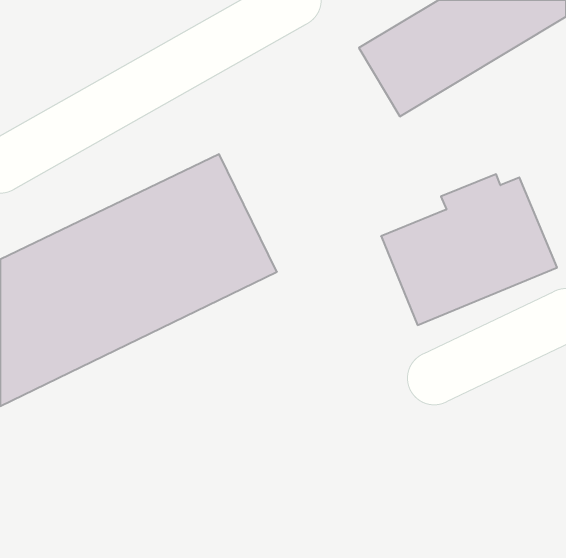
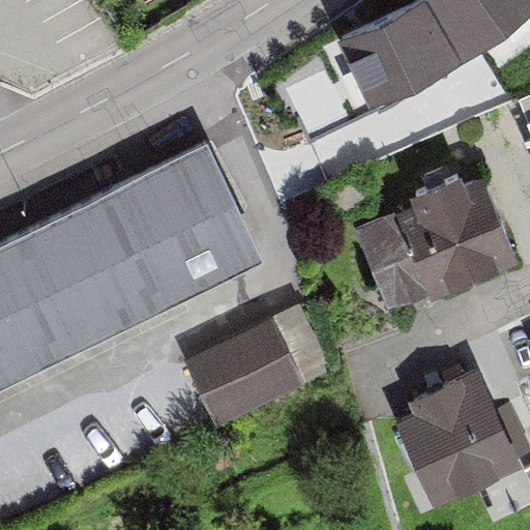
building: none -> [187,320,304,425]
building: none -> [398,370,522,500]

